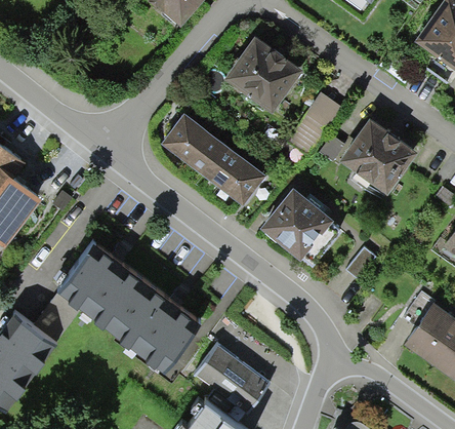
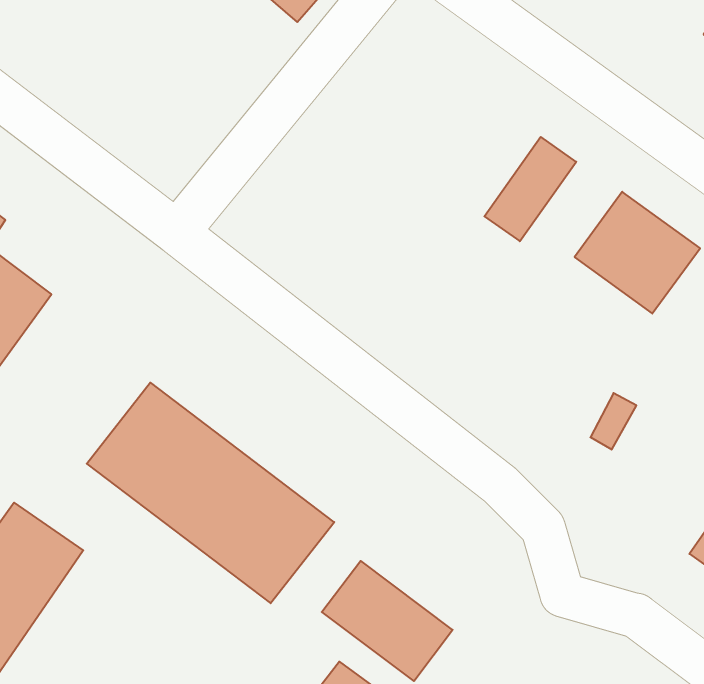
building: [225,46,299,118] -> none
building: [162,113,263,202] -> none
building: [263,200,338,274] -> none

